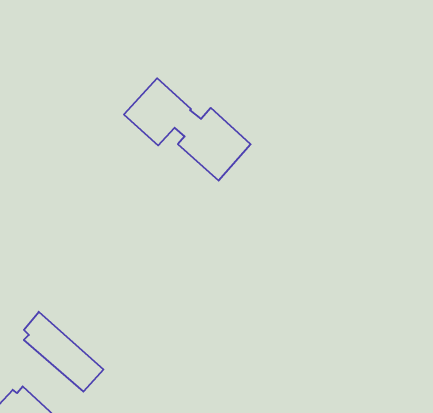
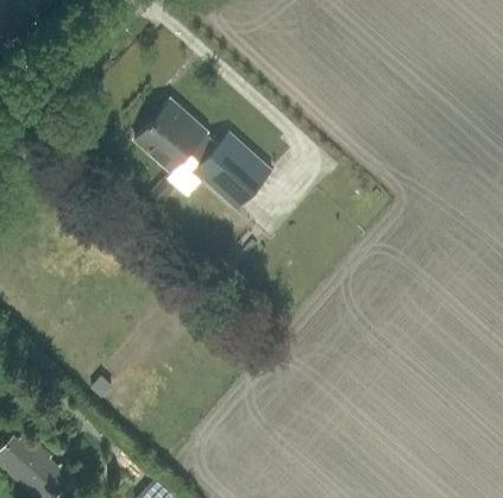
building: [24,312,103,392] -> none

